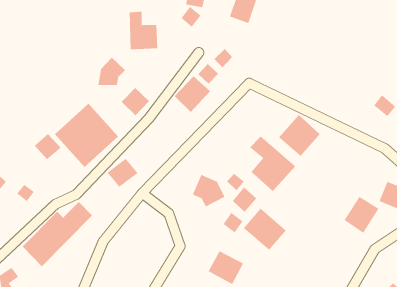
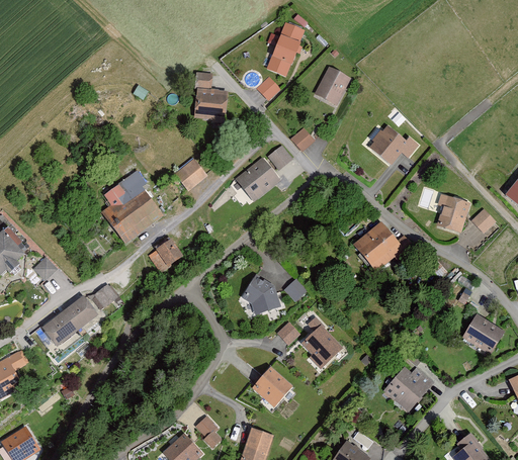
building: none -> [371,124,421,165]
building: [98,57,126,86] -> none
building: none -> [436,194,465,232]
building: [34,133,61,160] -> none
building: [249,136,296,192] -> none
building: [232,187,257,213] -> none
building: [344,196,380,234] -> [384,367,429,412]

